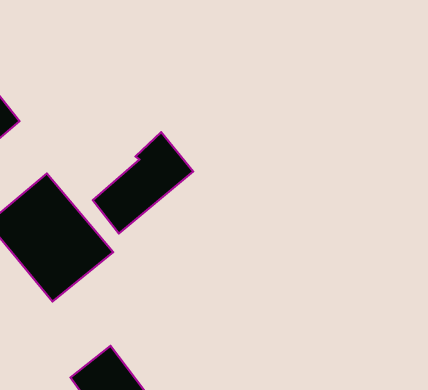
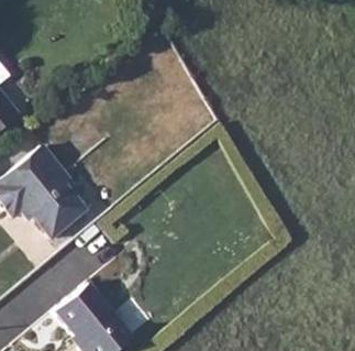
building: [93,132,193,233] -> none

